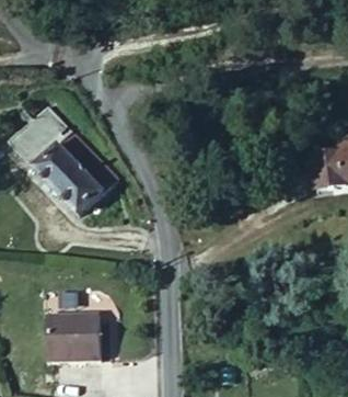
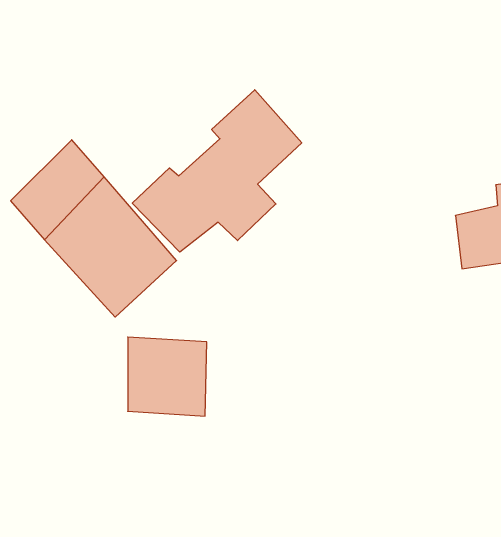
building: none -> [132,90,302,252]
building: [48,310,102,364] -> [128,337,207,416]

